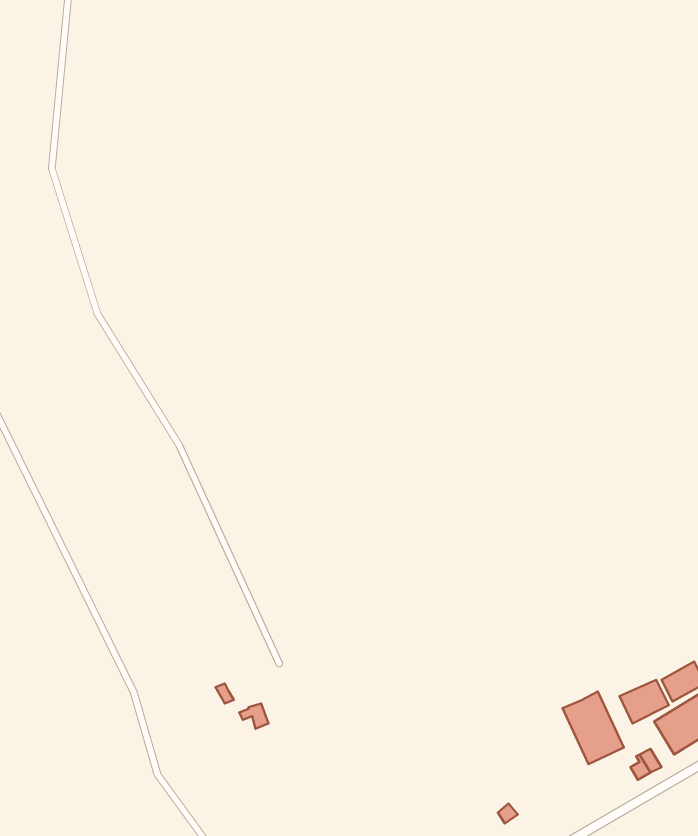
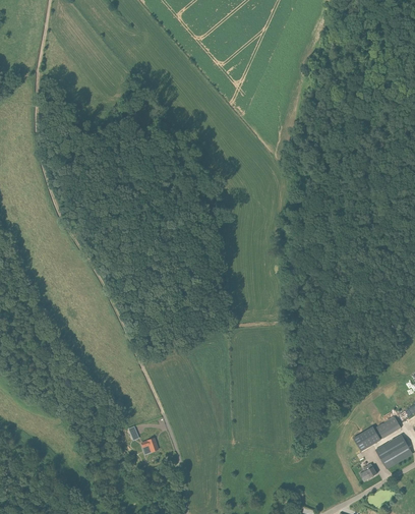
building: [563,692,624,764] -> none

